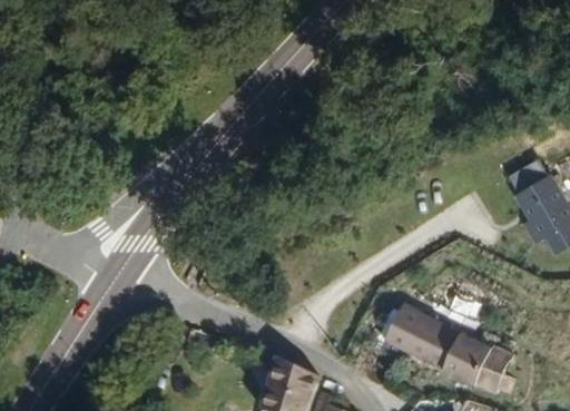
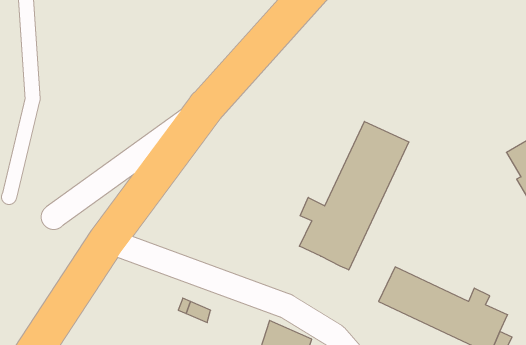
building: none -> [299,121,409,270]

